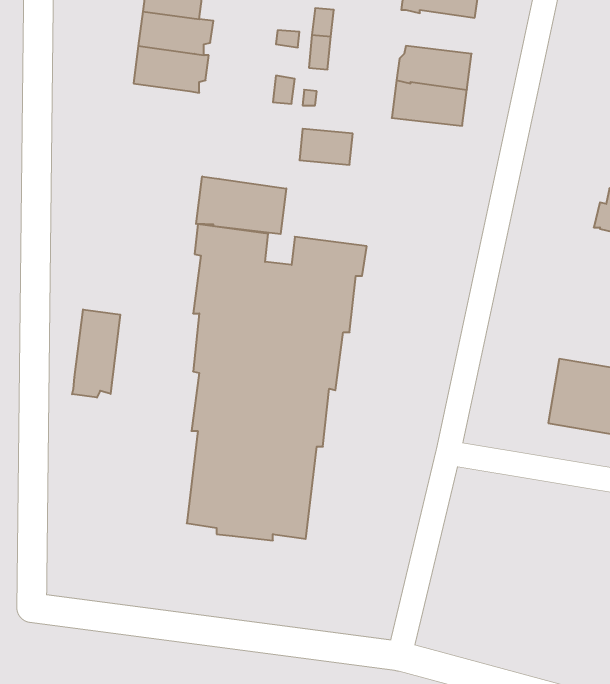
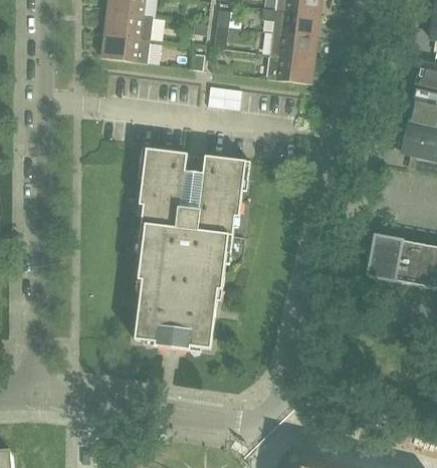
building: none -> [262,9,319,38]
building: [196,176,286,234] -> none
building: [72,309,120,398] -> none

